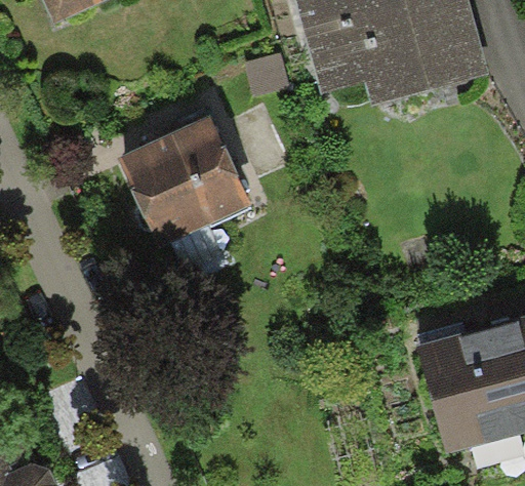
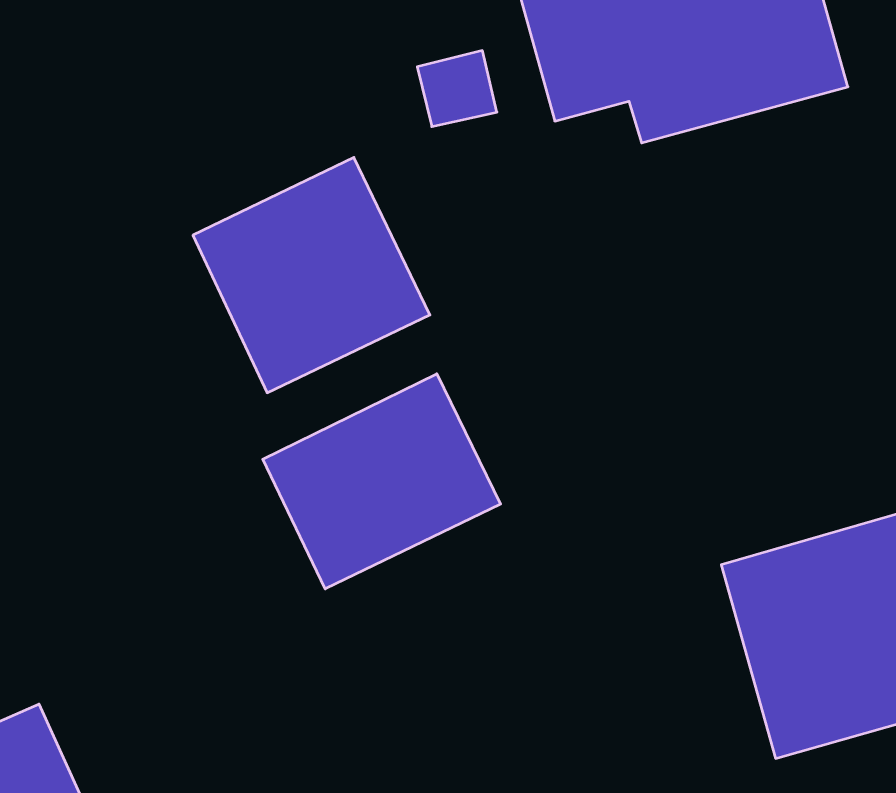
building: none -> [263,374,501,589]

